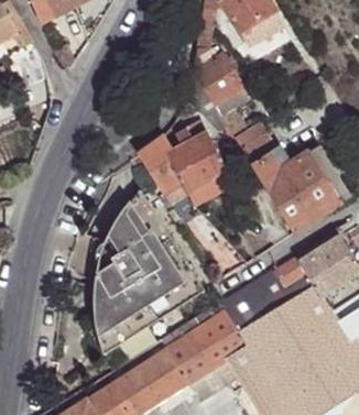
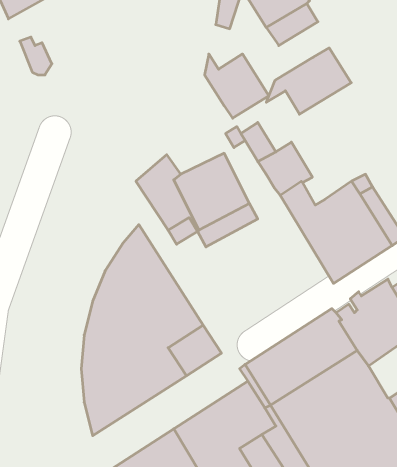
building: none -> [266,48,351,114]

